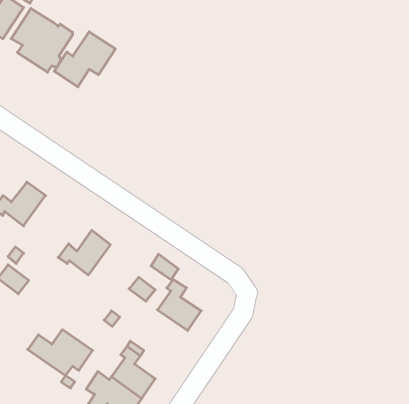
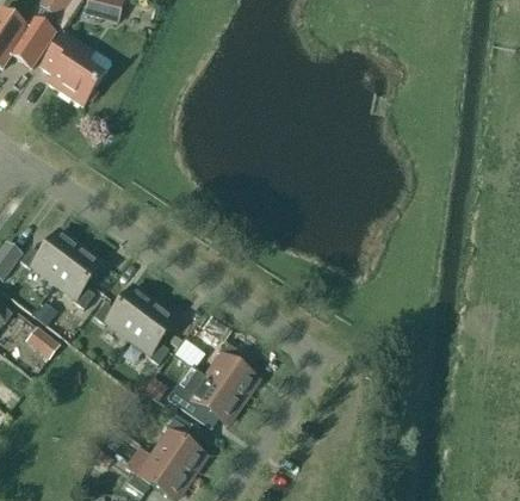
building: [54,32,115,87] -> none
building: none -> [55,246,103,308]
building: none -> [129,302,177,364]
building: [28,330,93,376] -> [168,376,242,428]

